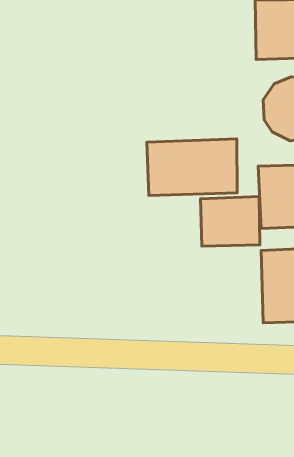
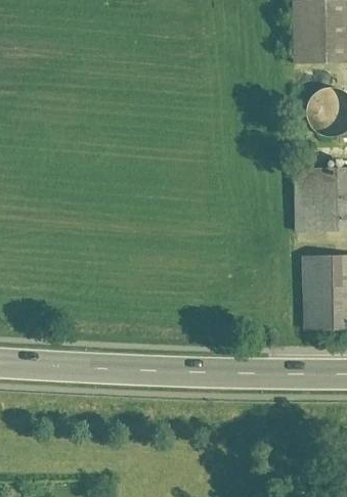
building: [147,139,237,195] -> none
building: [200,197,260,246] -> none

